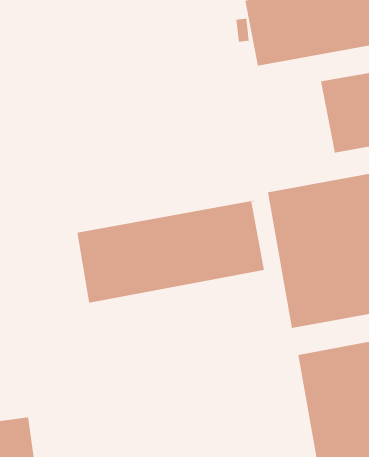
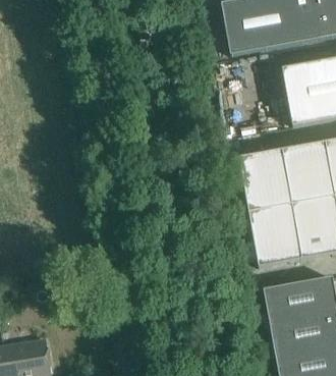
building: [77,200,264,303] -> none

